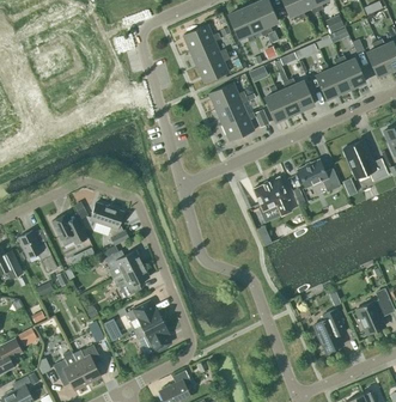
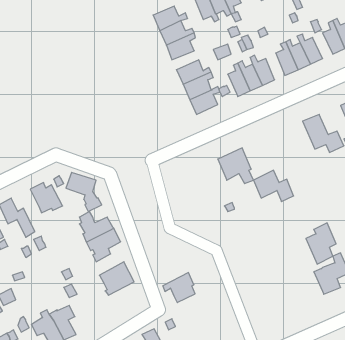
building: [297,159,340,193] -> [253,170,294,202]
building: [313,309,346,353] -> [306,223,336,264]
building: [135,321,170,353] -> [163,273,195,303]

